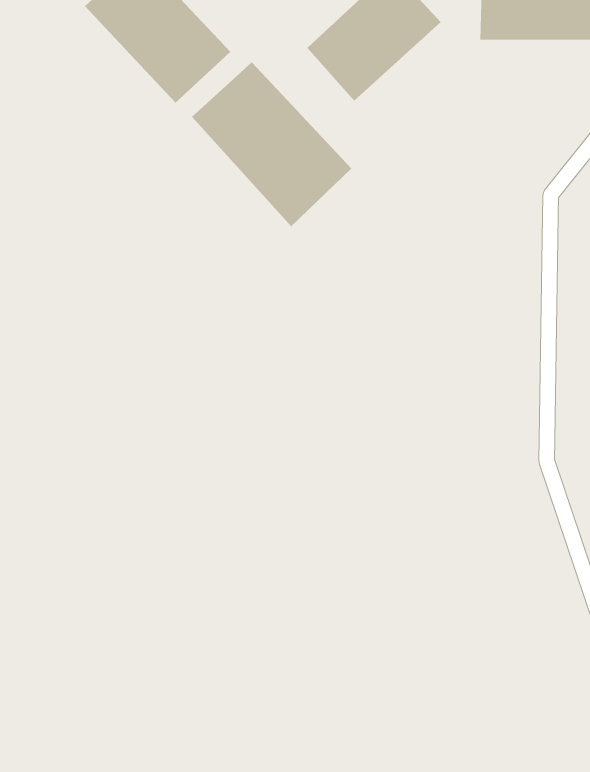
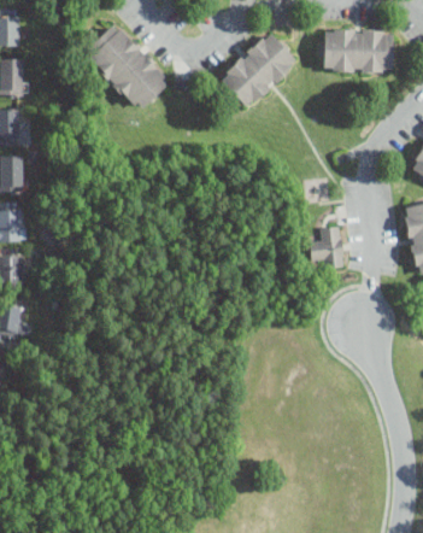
building: [191,61,352,227] -> none
building: none -> [311,227,343,268]

